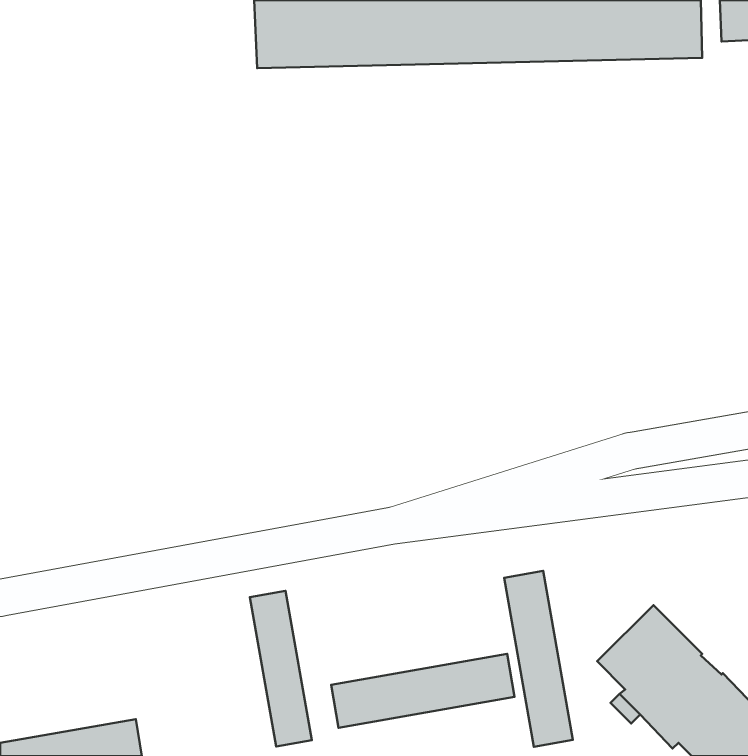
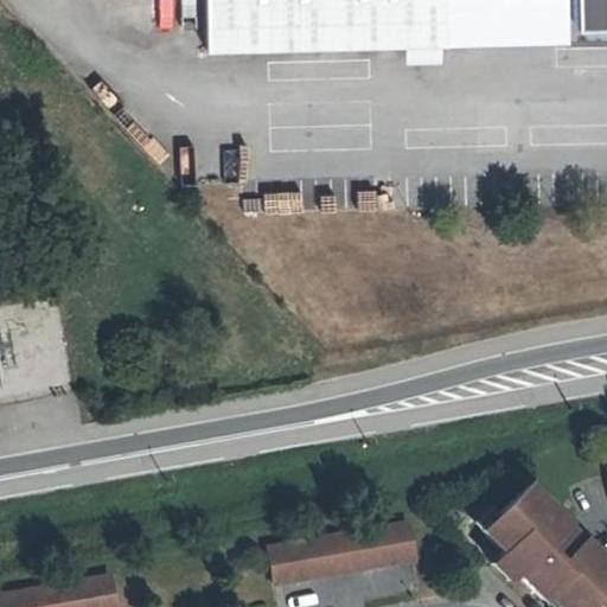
building: [504,571,573,747] -> none
building: [250,591,312,746] -> none

